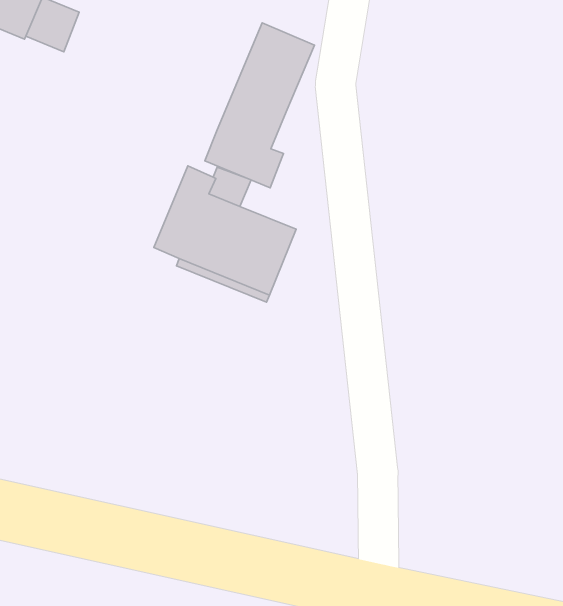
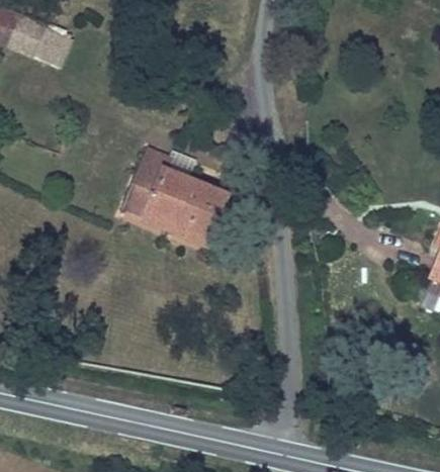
building: [205,23,314,188] -> none

